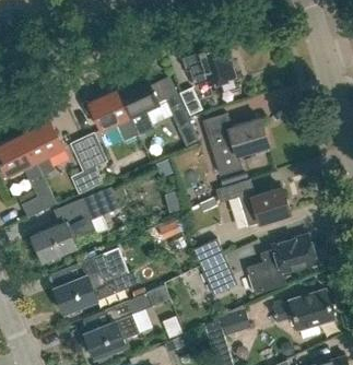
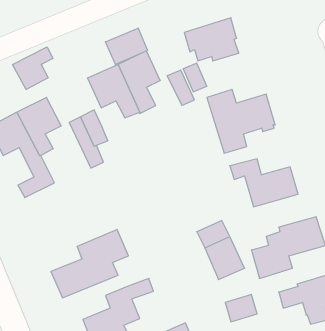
building: none -> [105,28,147,65]
building: none -> [13,47,53,89]
building: [32,187,116,261] -> none

